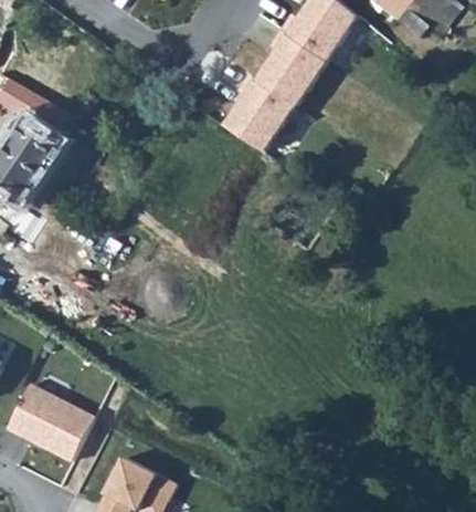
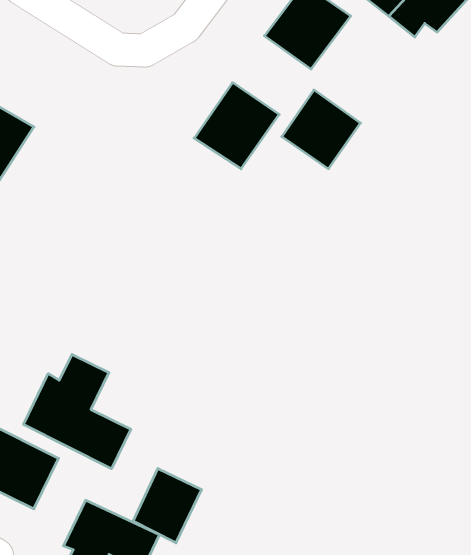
building: [252,36,322,107] -> [282,90,361,169]
building: none -> [24,354,131,469]
building: none -> [133,468,202,543]

